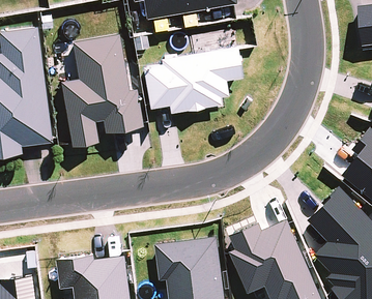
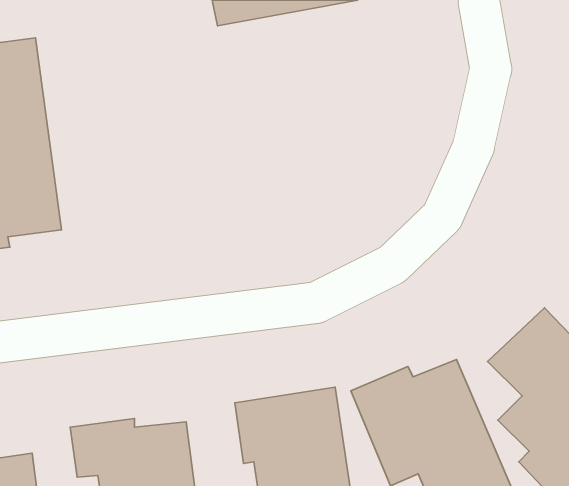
building: [60,33,141,144] -> none
building: [141,46,241,112] -> none

